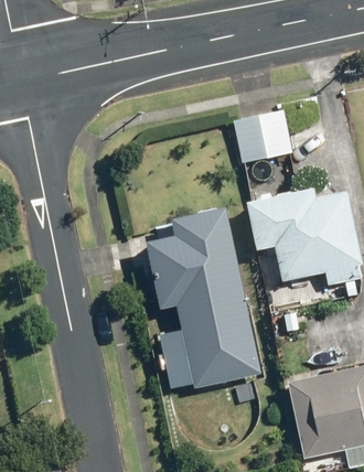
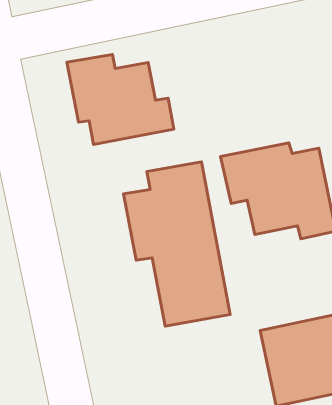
building: none -> [67,54,174,144]
building: [232,111,290,164] -> none

